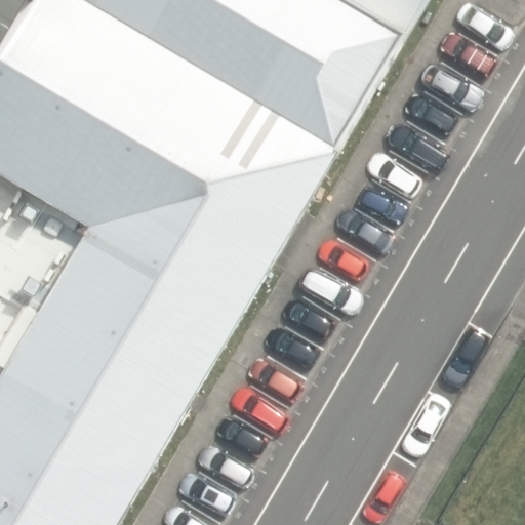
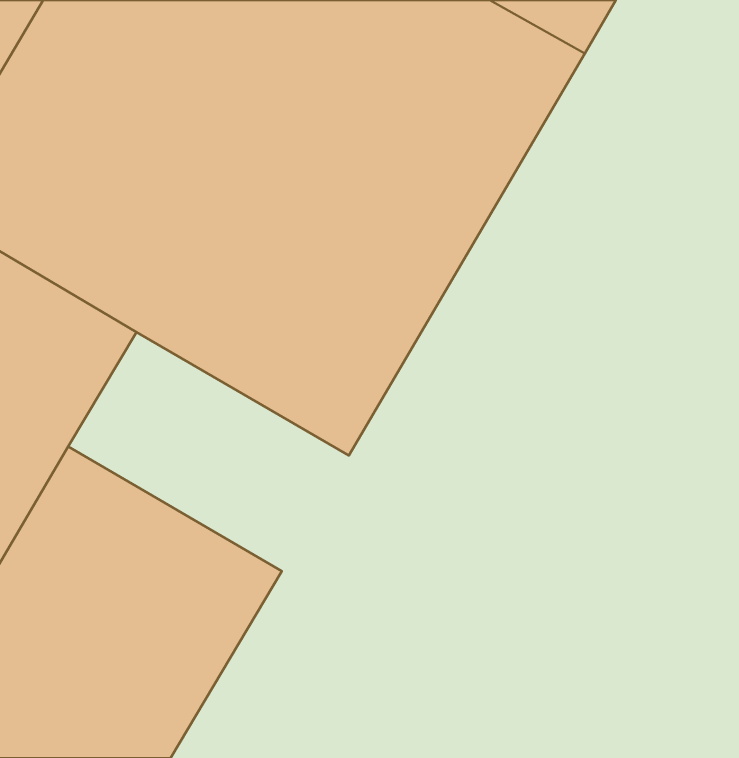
building: [47,230,241,395] -> none

